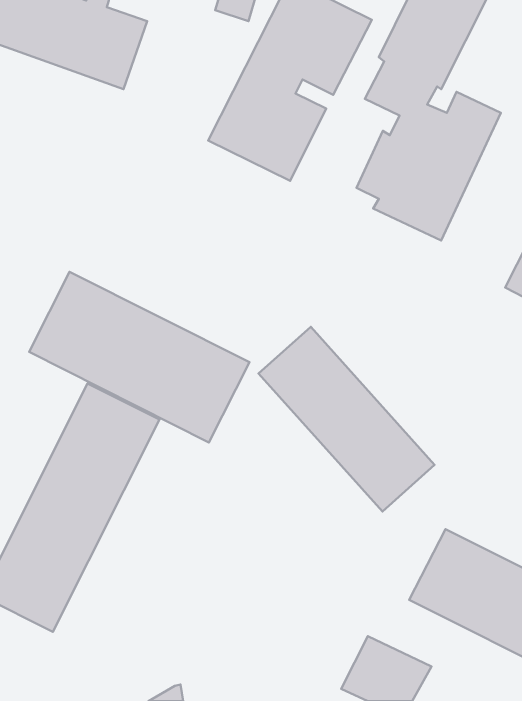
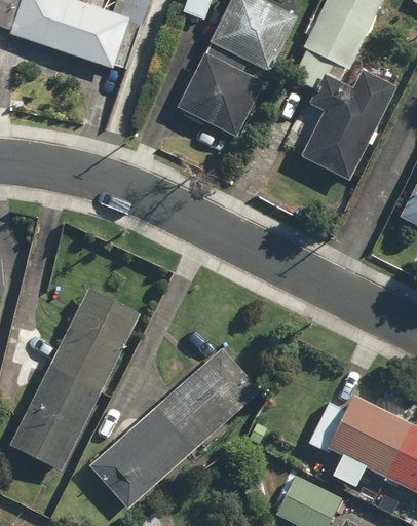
building: [29,272,249,442] -> none
building: [258,327,435,512] -> none
building: none -> [89,347,260,509]

